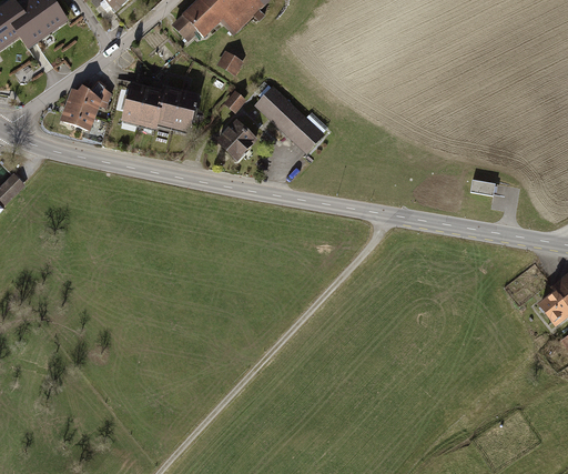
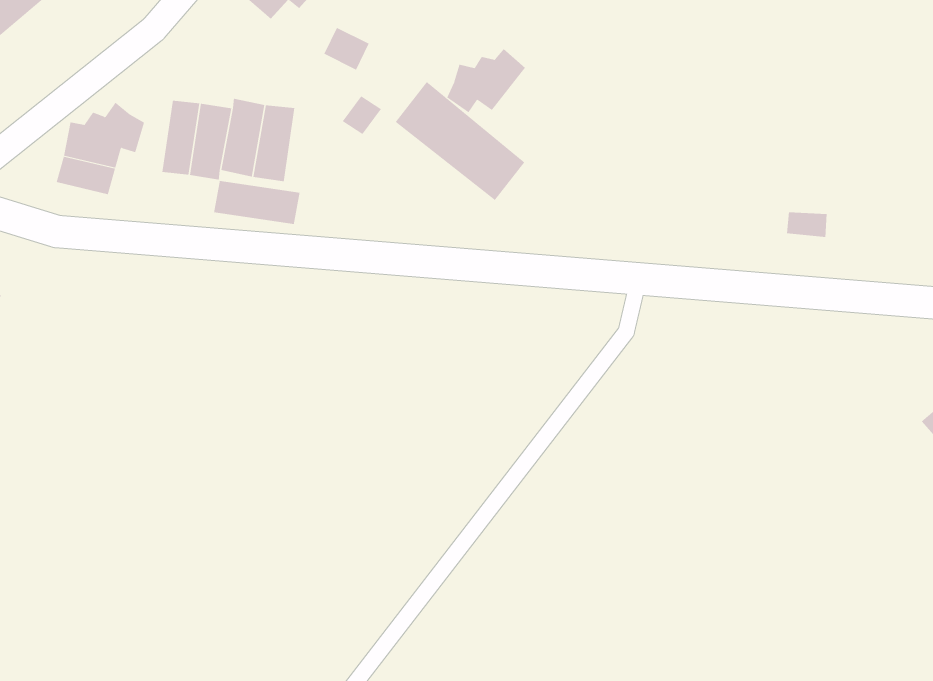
building: none -> [447,48,526,113]
building: [216,117,261,160] -> none
building: none -> [213,180,300,225]

